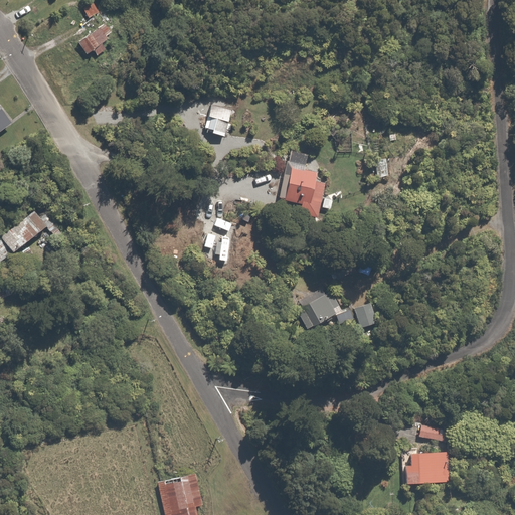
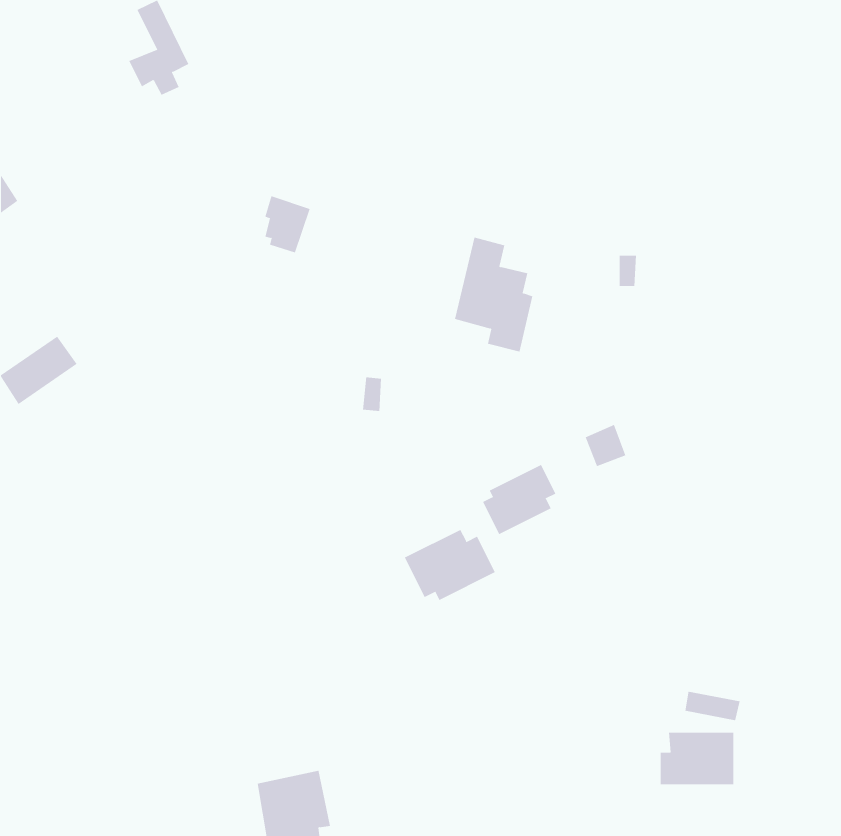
building: [207,105,235,140] -> [264,196,310,253]
building: [352,303,377,329] -> [585,424,626,467]
building: none -> [404,529,496,601]

